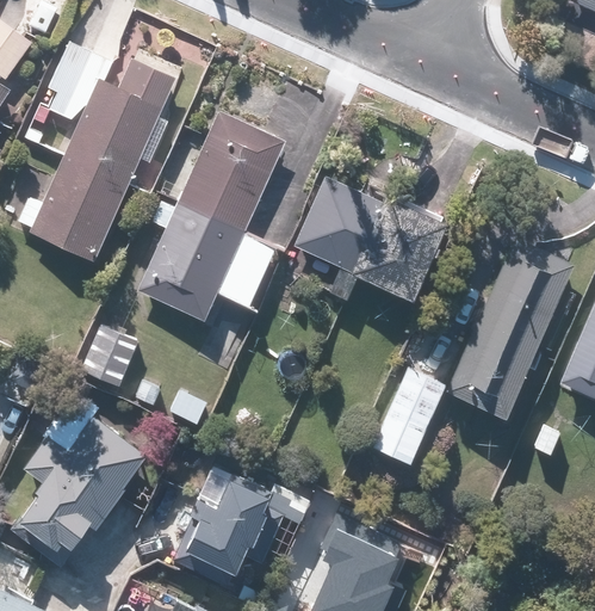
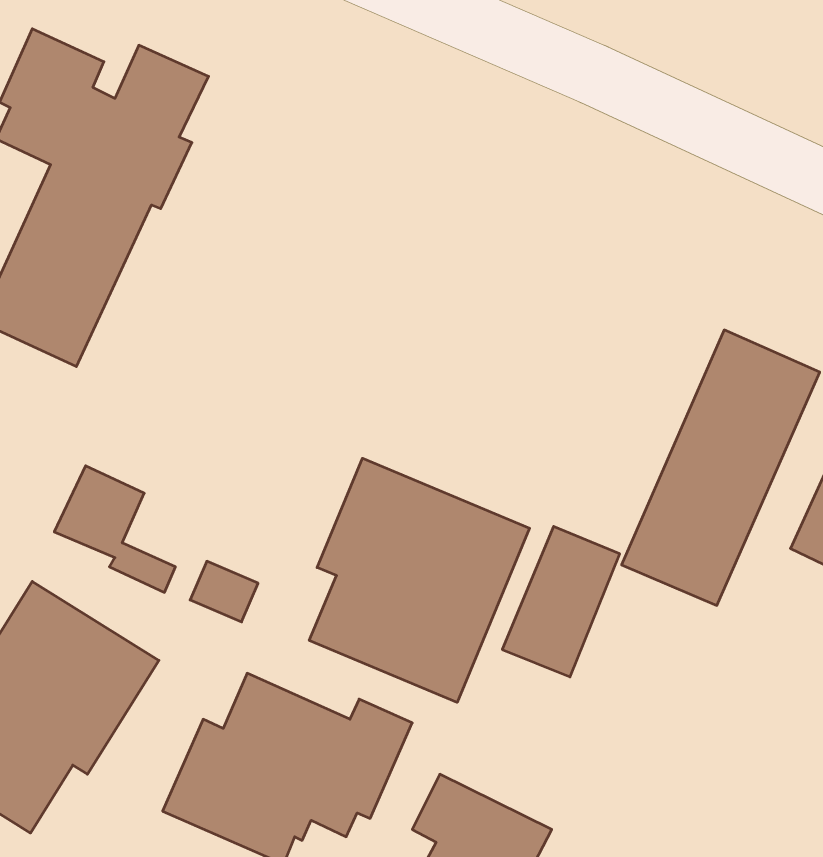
building: [136,112,287,322] -> none
building: [292,177,453,302] -> none
building: none -> [309,458,530,702]

